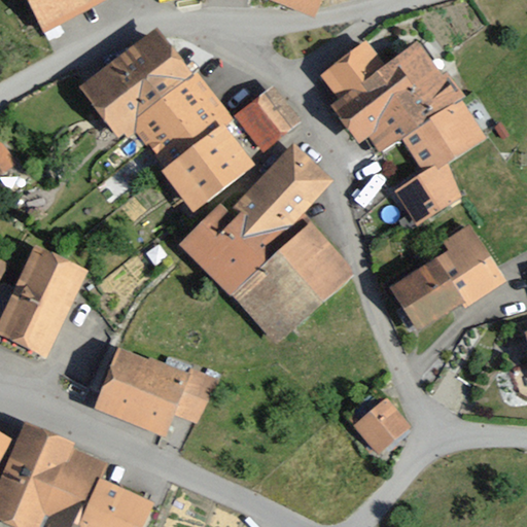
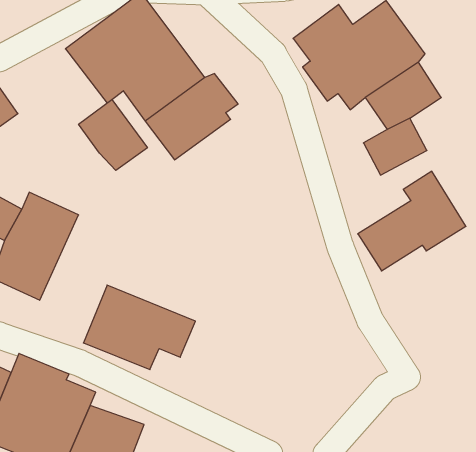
building: [235,86,298,148] -> none
building: none -> [79,99,147,170]
building: [179,148,344,342] -> none
building: [355,399,414,458] -> none

